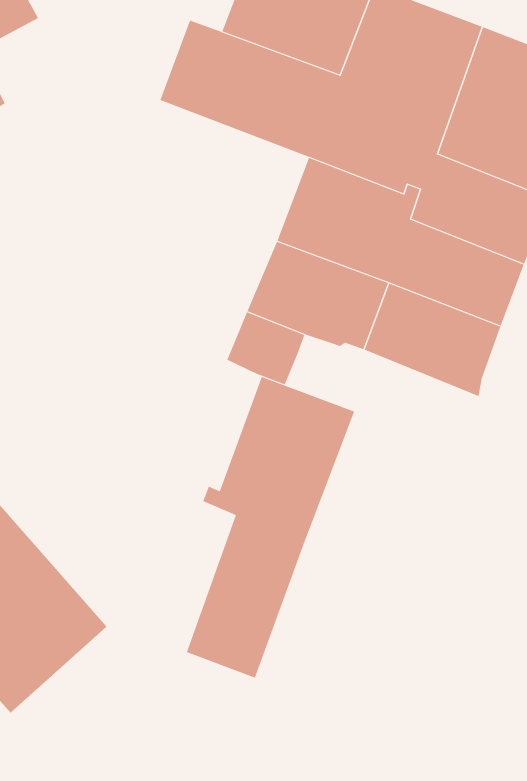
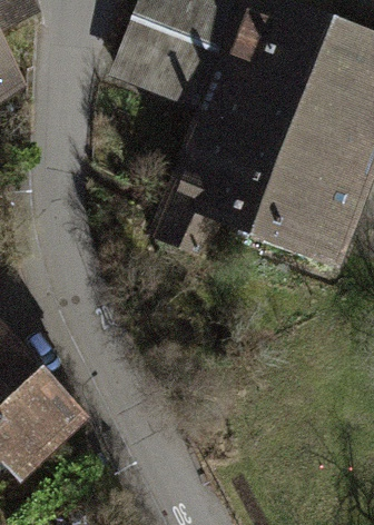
building: [186,376,355,678] -> none

